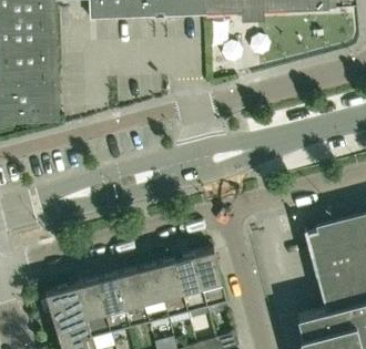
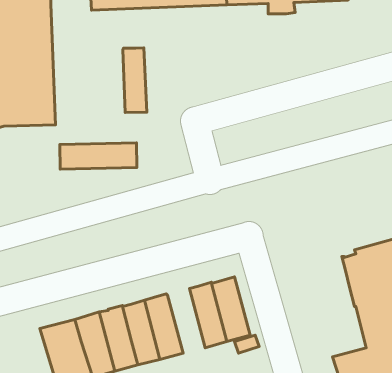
building: none -> [123,48,147,113]
building: none -> [60,143,137,169]
building: [155,259,187,315] -> none

